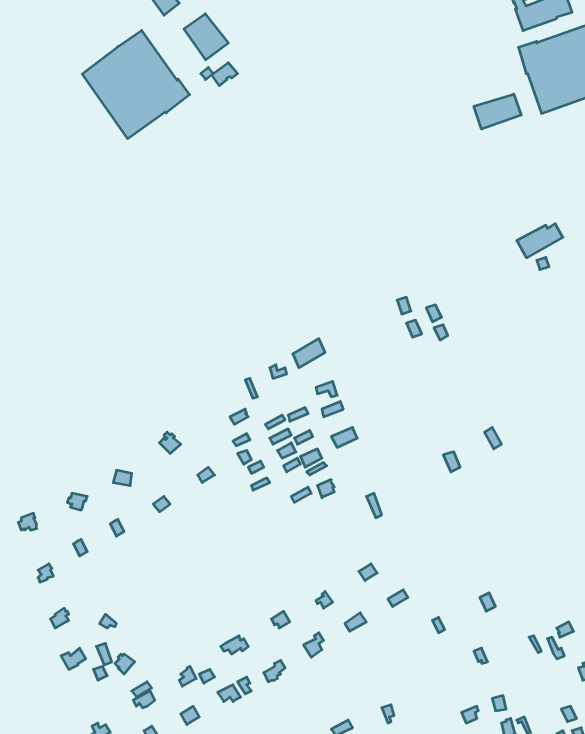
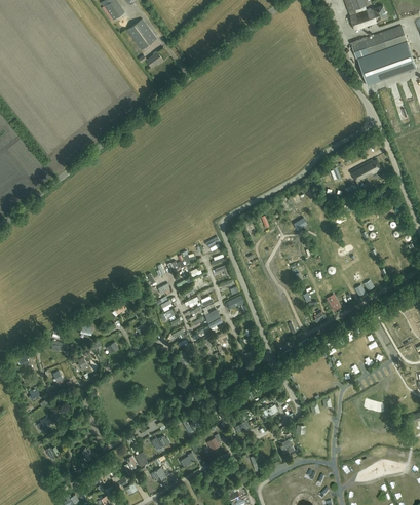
building: [82,30,190,139] -> none
building: [474,94,521,129] -> none

